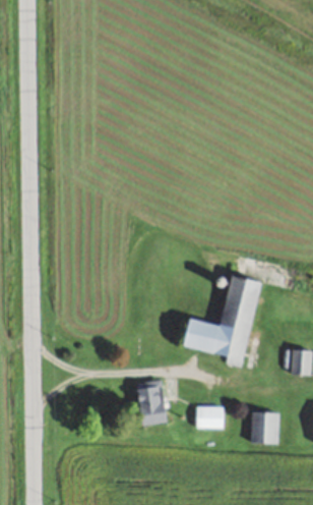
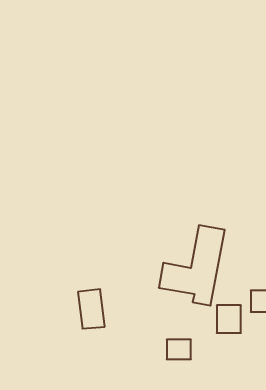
building: [136,380,167,425] -> [78,289,105,329]
building: [250,412,277,444] -> [217,305,241,333]

